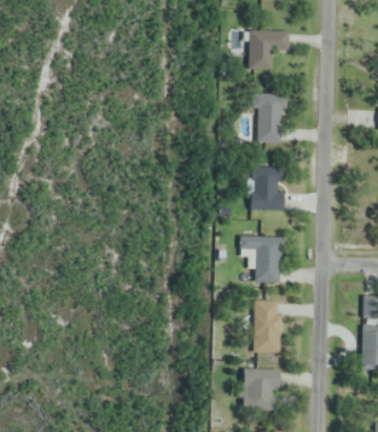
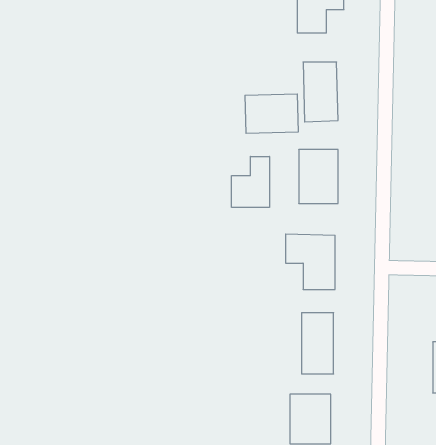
building: none -> [245,94,298,133]
building: none -> [232,156,269,207]

